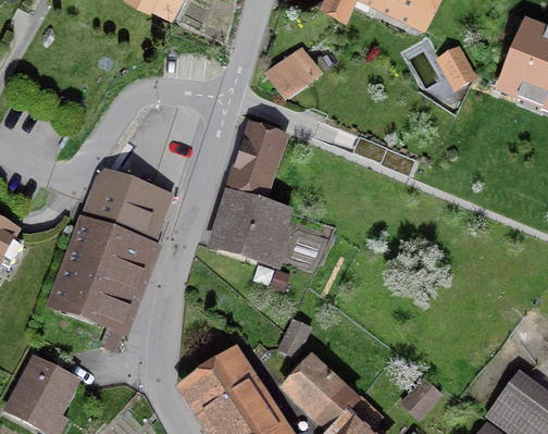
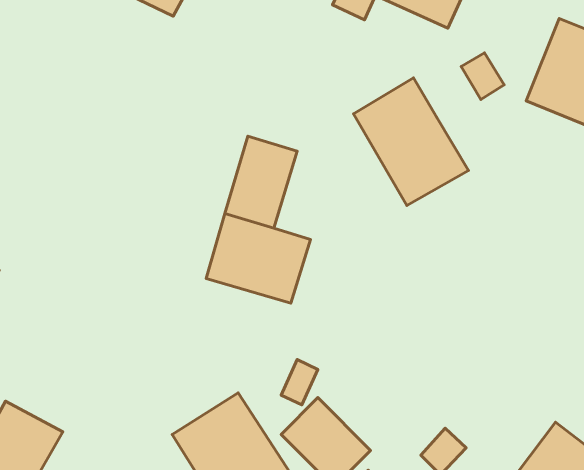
building: [263,45,326,104] -> none
building: none -> [354,78,468,206]
building: [46,170,177,343] -> none

